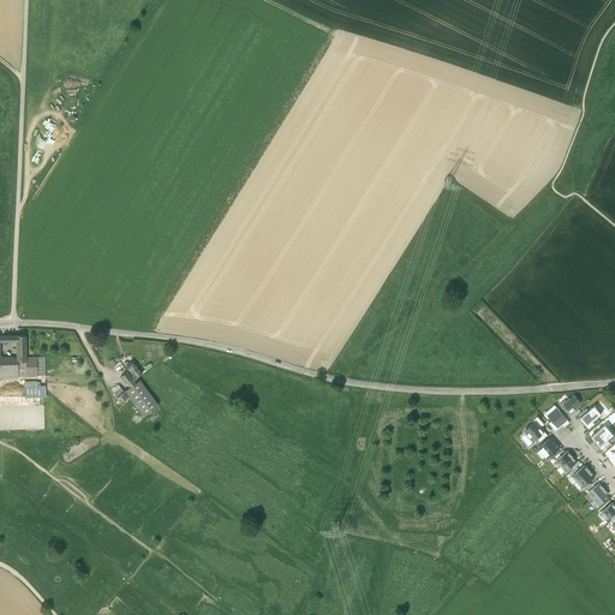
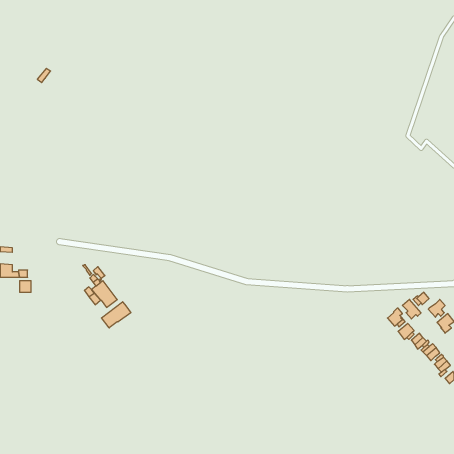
building: none -> [101,302,131,328]

